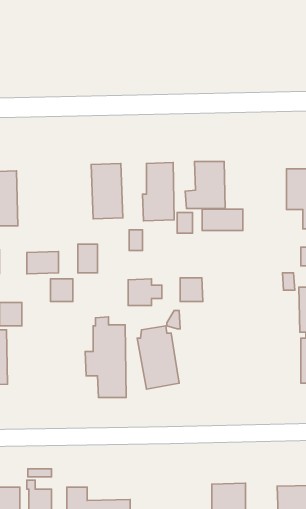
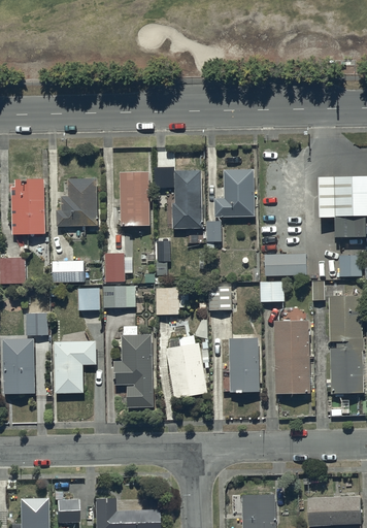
building: none -> [56,178,97,226]
building: [202,209,243,230] -> [267,253,308,274]
building: none -> [260,282,283,302]
building: none -> [103,286,136,307]
building: none -> [273,321,308,394]
building: none -> [228,338,258,393]
building: none -> [54,341,96,394]

